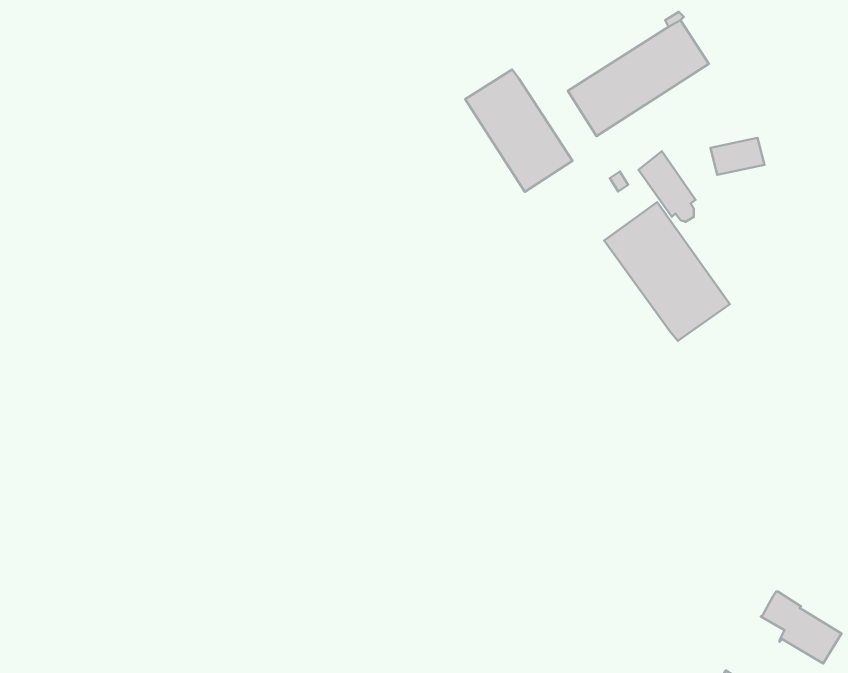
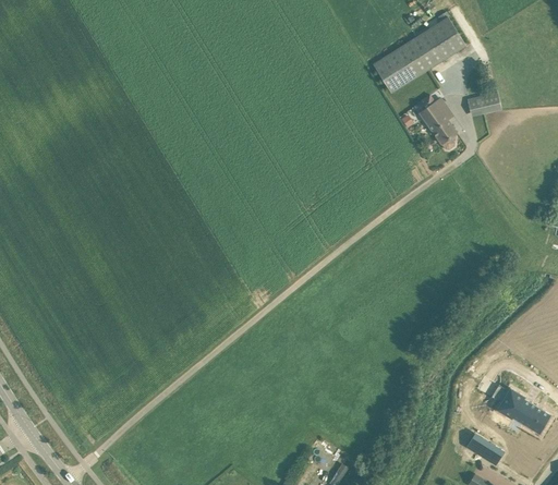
building: [465,69,573,192] -> none
building: [604,202,730,341] -> none

